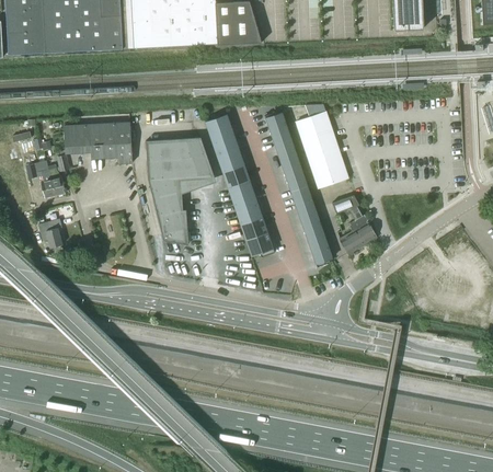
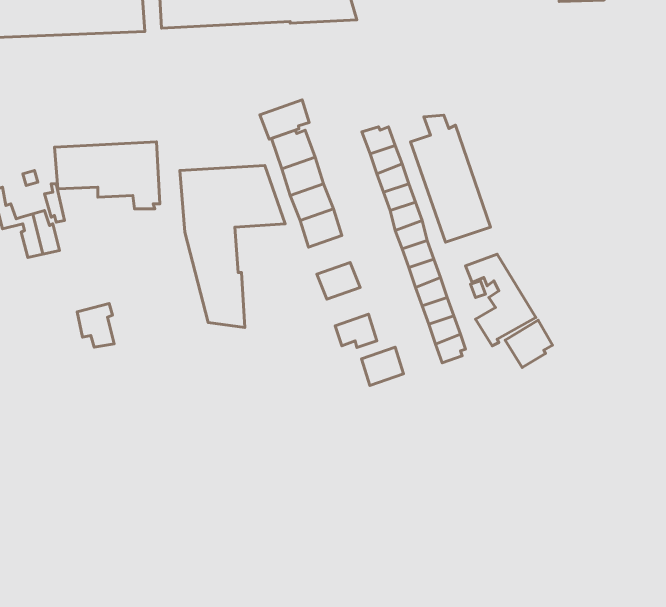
building: none -> [260,100,309,139]
building: [229,184,256,209] -> none
building: [241,218,268,243] -> [362,347,403,385]
building: [38,219,62,247] -> [77,304,114,347]
building: none -> [505,320,553,367]

